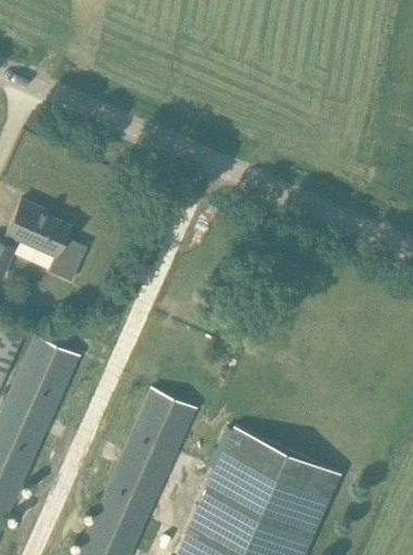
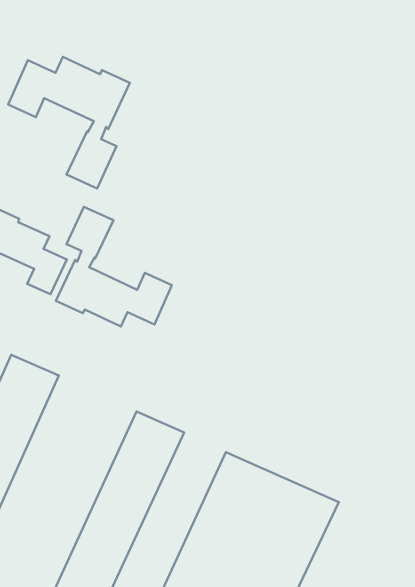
building: none -> [8,57,130,188]
building: none -> [56,207,172,326]

